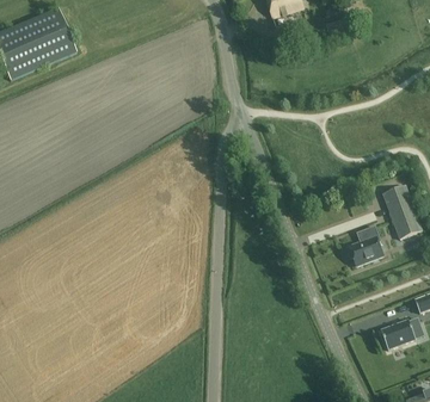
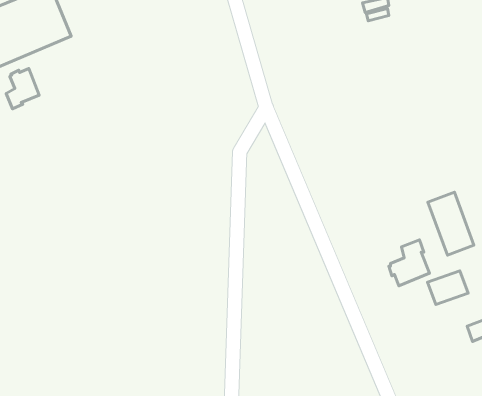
building: none -> [6,69,39,109]
building: [381,321,416,350] -> [428,271,468,304]

